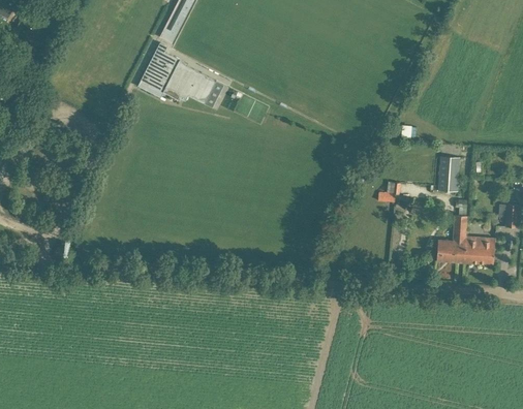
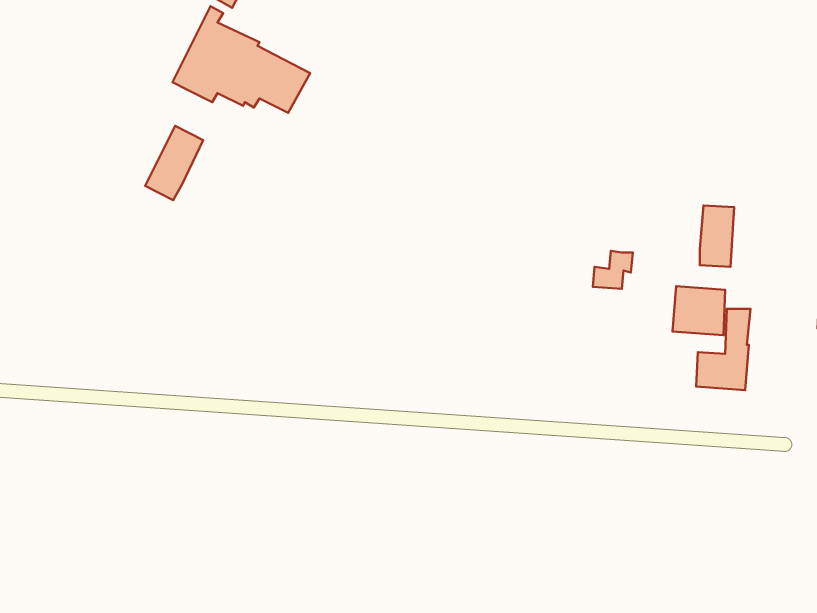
building: none -> [145,126,203,200]
building: [464,235,494,263] -> [673,286,725,335]

